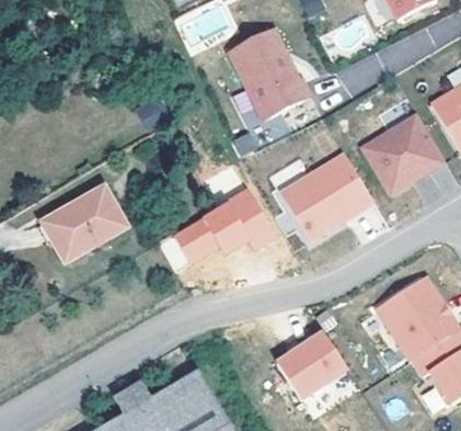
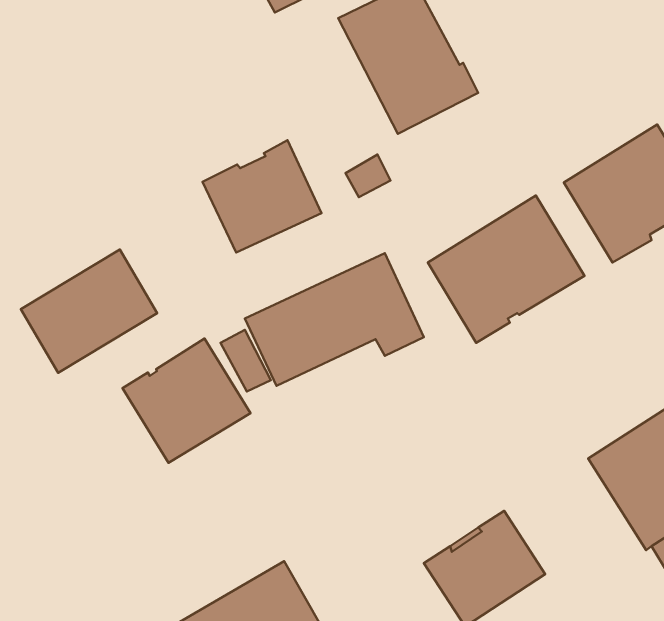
building: none -> [203,140,322,253]
building: none -> [122,338,251,463]

